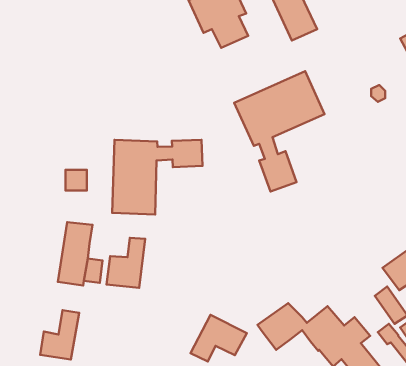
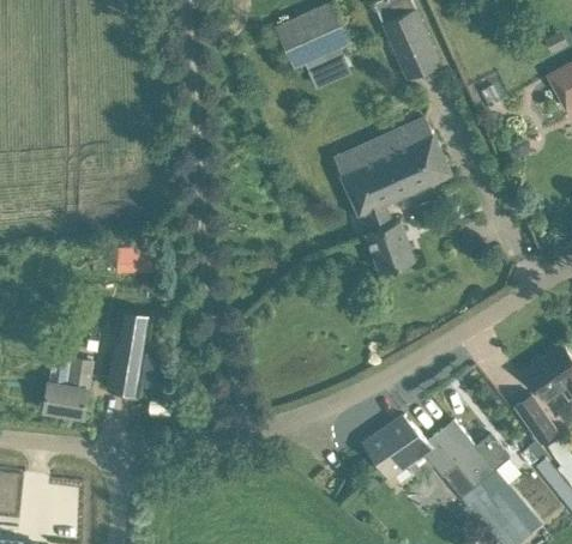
building: [112,140,203,214] -> none
building: [106,238,145,288] -> none
building: [40,310,79,360] -> [43,355,94,418]
building: [190,315,247,361] -> none

